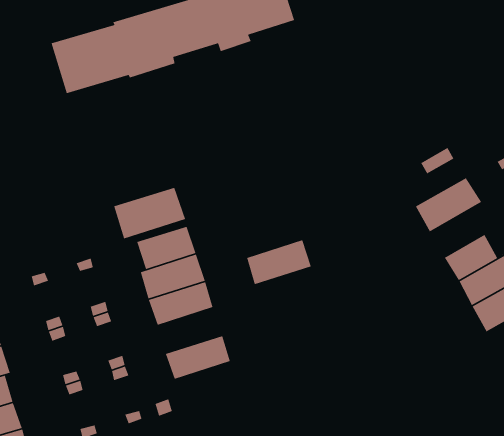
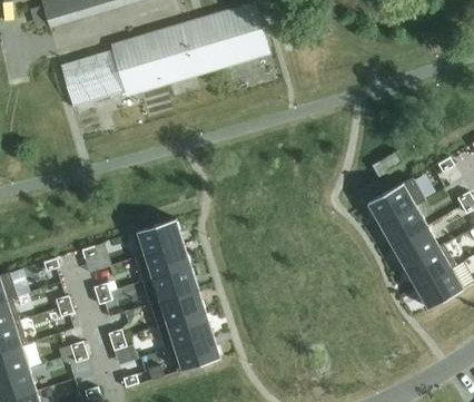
building: [113,187,186,239] -> none
building: none -> [382,199,428,246]
building: [246,239,312,285] -> [151,288,207,327]
building: none -> [166,334,221,372]

